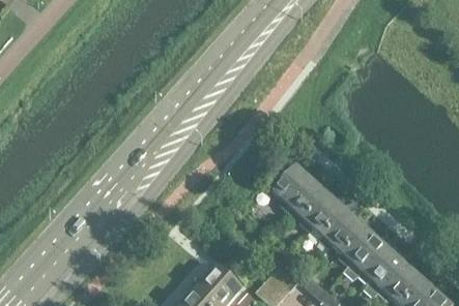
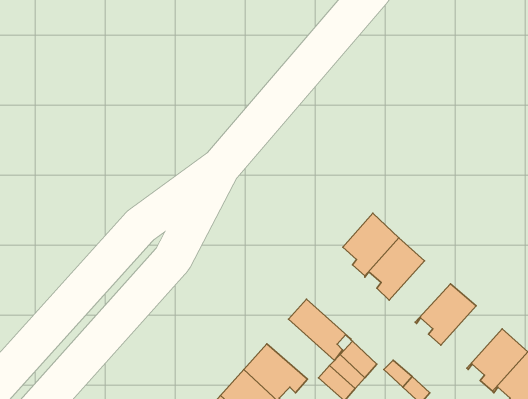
building: [309,201,355,247] -> none
building: none -> [289,299,351,360]
building: [348,235,395,282] -> none

